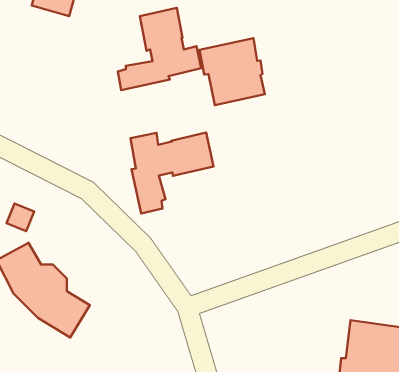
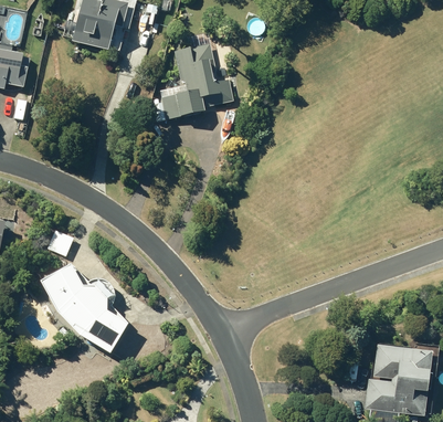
building: [199,38,265,105] -> none
building: [131,133,213,214] -> none

